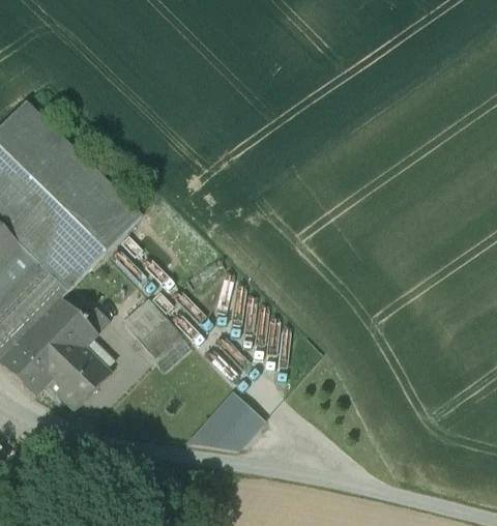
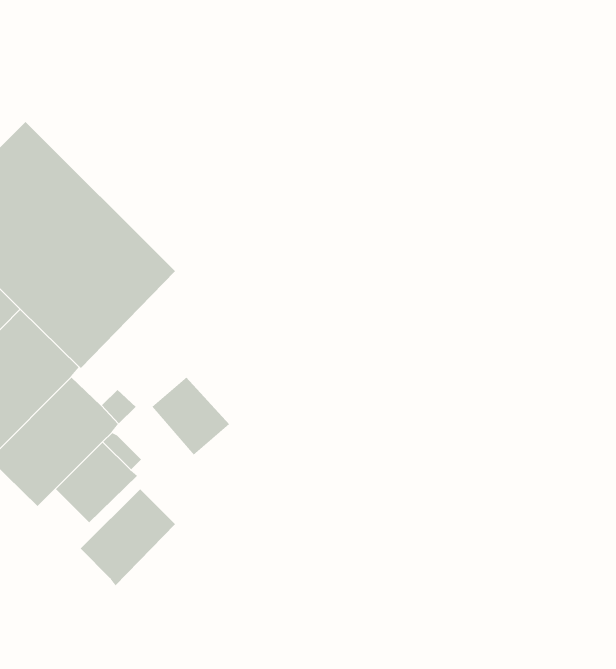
building: none -> [80,488,176,586]
building: [189,391,262,447] -> none

